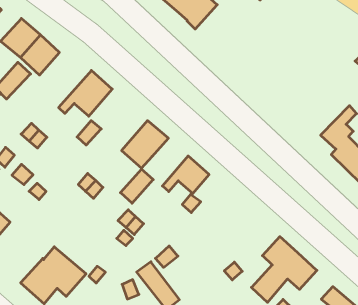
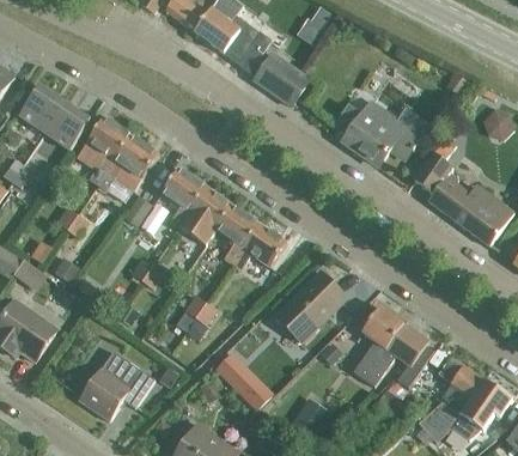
building: none -> [254,53,309,105]
building: none -> [77,116,130,184]
building: none -> [333,98,429,165]
building: none -> [162,168,205,226]
building: none -> [215,205,258,262]
building: none -> [276,272,346,341]

